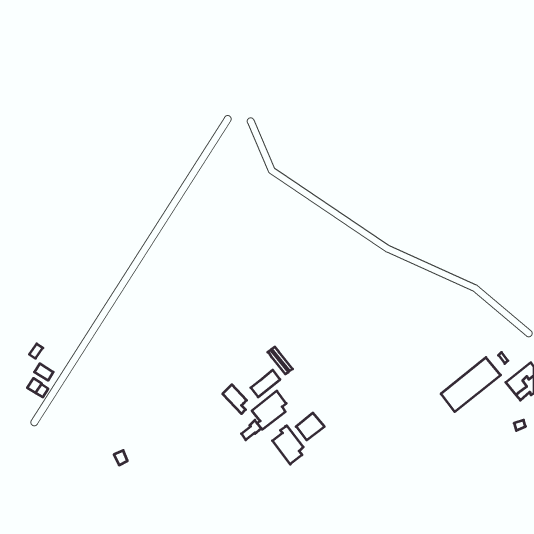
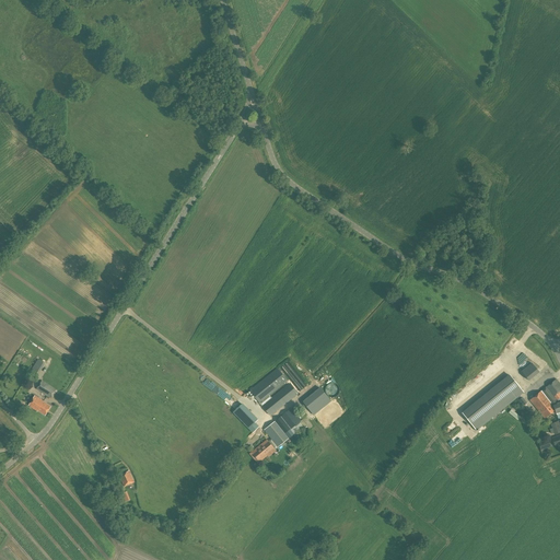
building: none -> [249,369,287,406]
building: [296,413,324,440] -> [303,386,332,415]
building: [272,426,303,464] -> none

